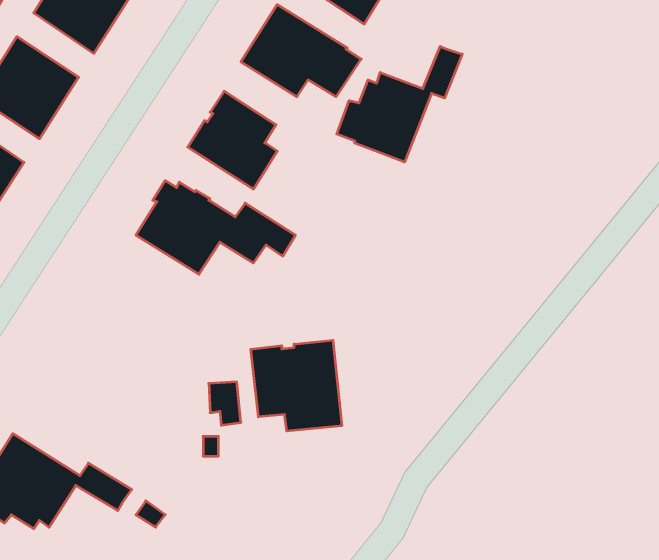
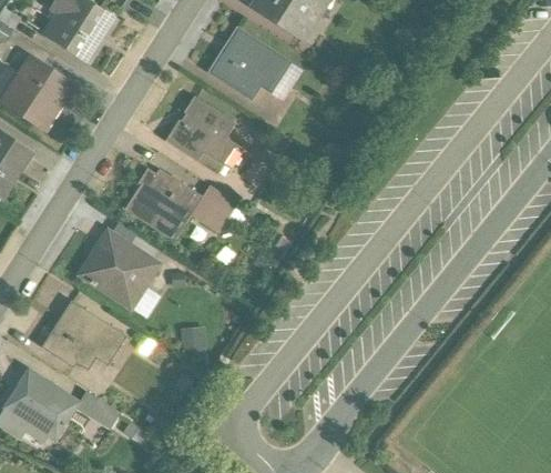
building: [337,46,462,162] -> none
building: none -> [74,222,163,318]
building: [251,340,342,431] -> none
building: none -> [41,300,125,370]

